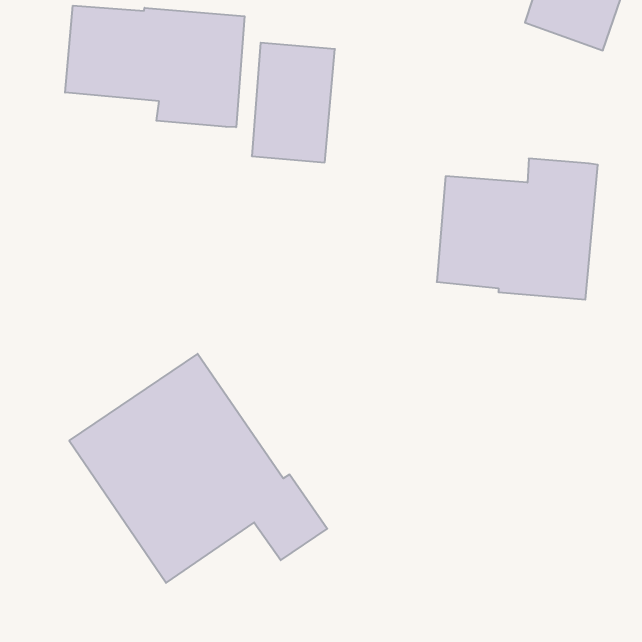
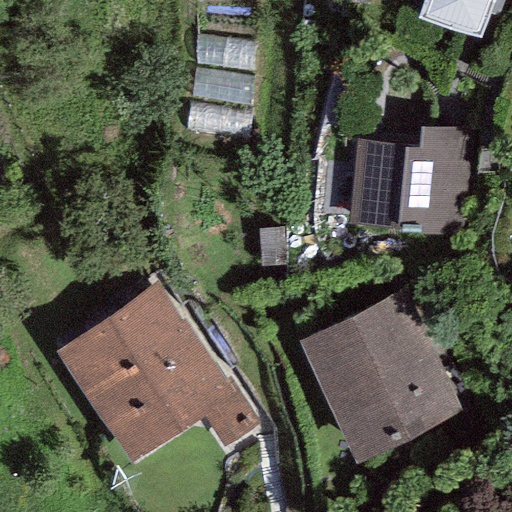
building: [65,6,245,127] -> none
building: none -> [298,290,464,462]

